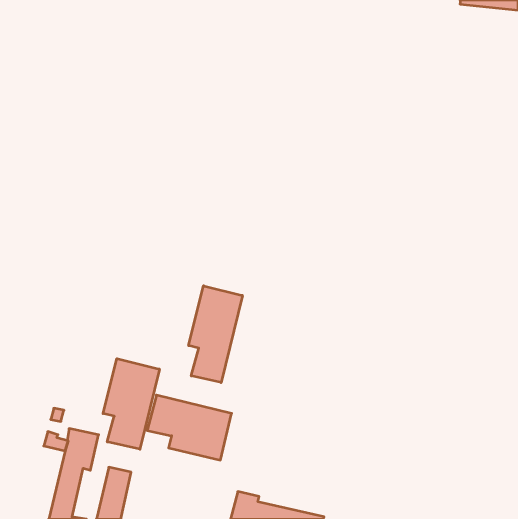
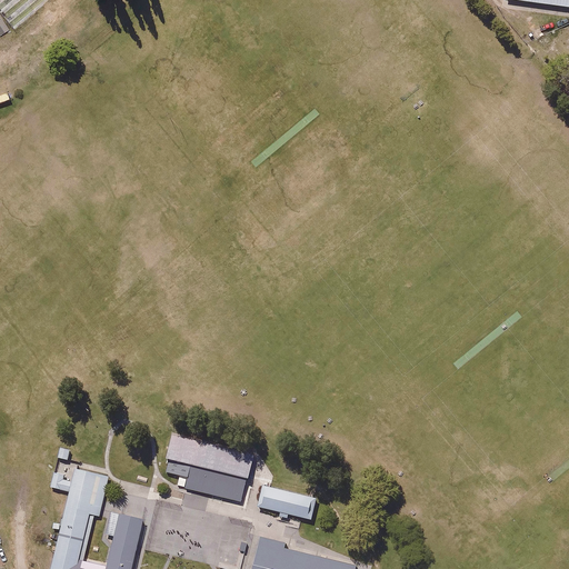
building: [189,286,242,383] -> none
building: [103,359,159,449] -> none
building: none -> [259,487,313,519]

